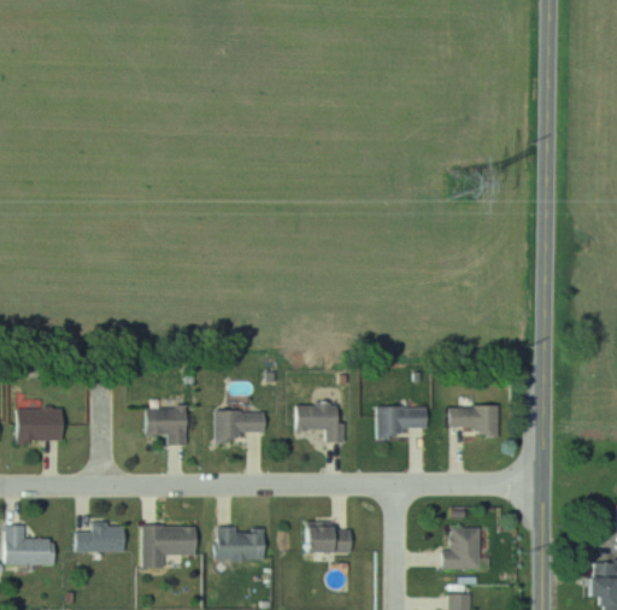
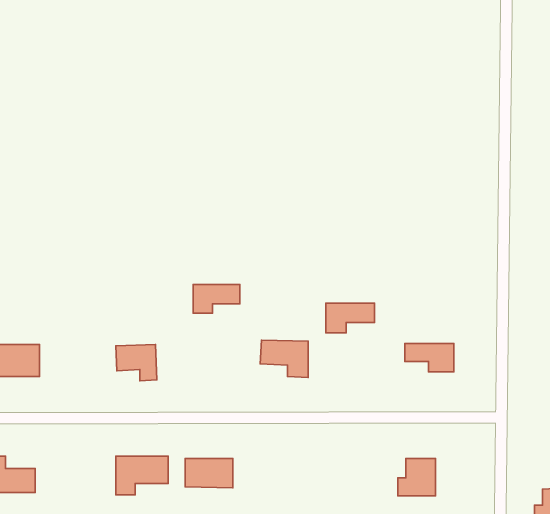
building: [377,406,429,438] -> [326,303,375,333]
building: [217,411,266,441] -> [193,285,240,313]
building: [74,523,127,551] -> none
building: [302,524,352,555] -> none

